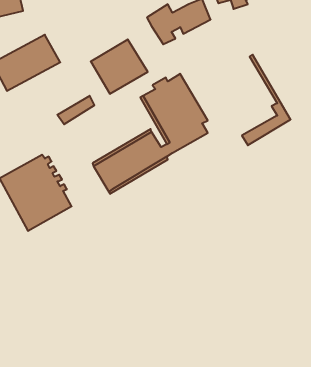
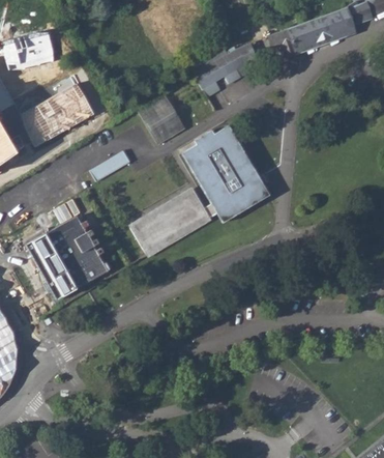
building: [242,55,291,145] -> [216,124,269,223]

